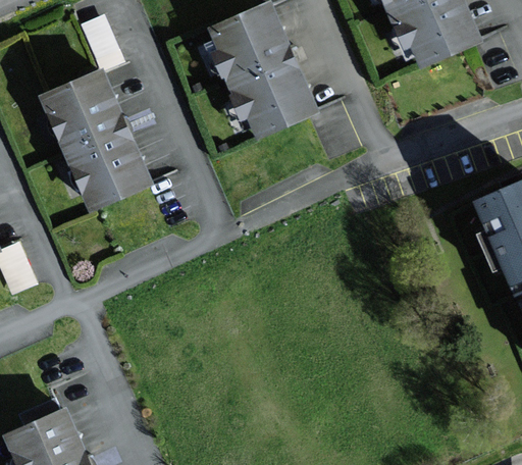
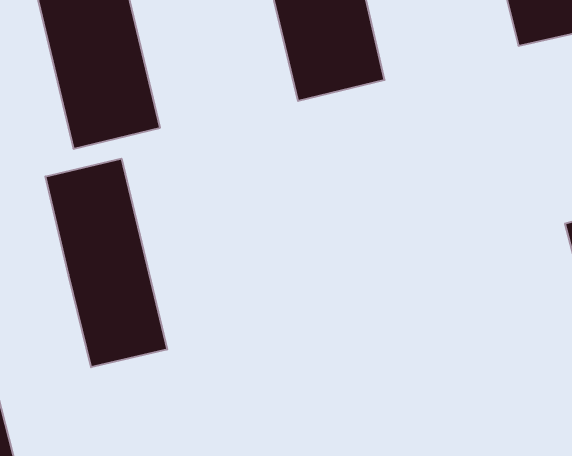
building: none -> [45,159,167,367]

